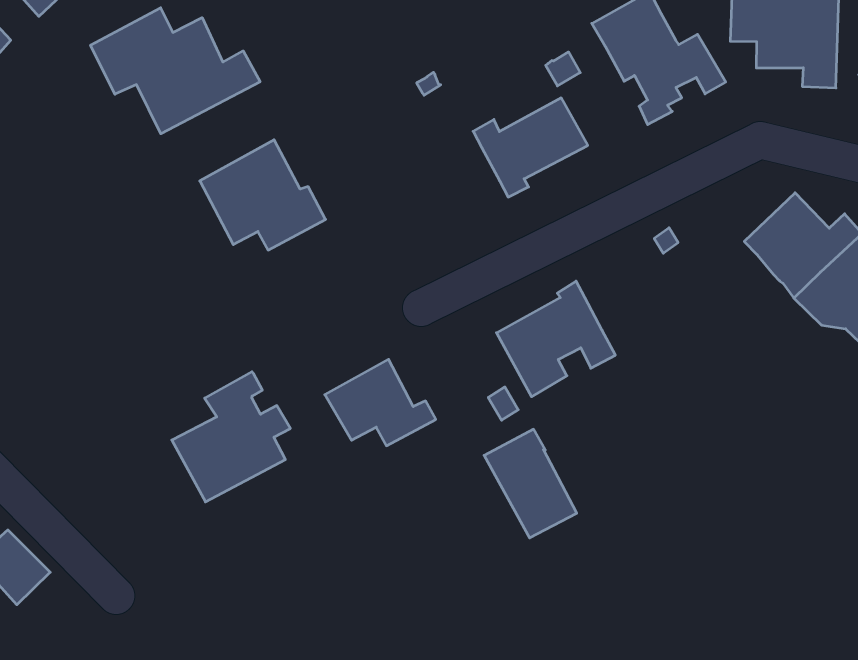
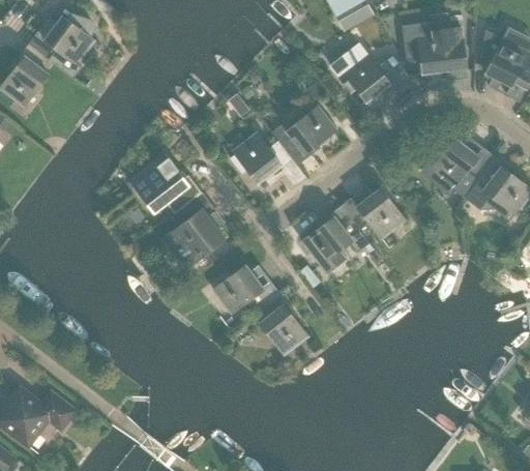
building: [91,8,260,134] -> none
building: none -> [234,134,291,183]
building: none -> [348,188,405,238]
building: [172,372,290,502] -> [161,195,226,270]
building: [484,429,577,538] -> [252,294,307,354]

